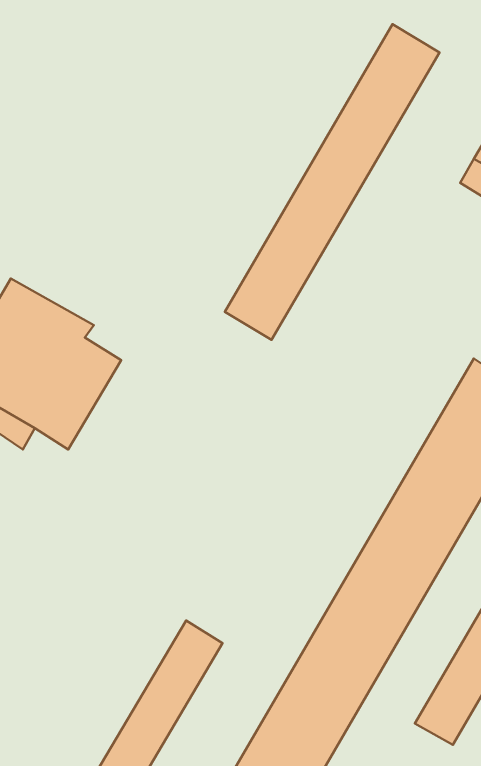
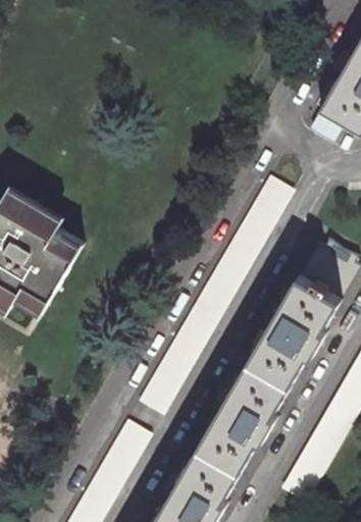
building: [225,24,439,340] -> none
building: none -> [138,176,294,415]

